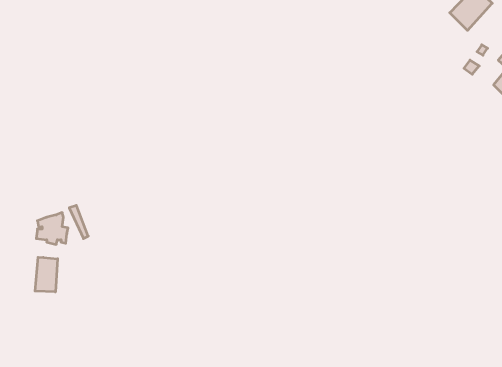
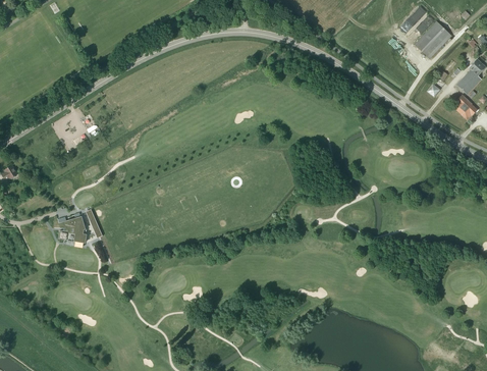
building: [35,257,58,292] -> none

